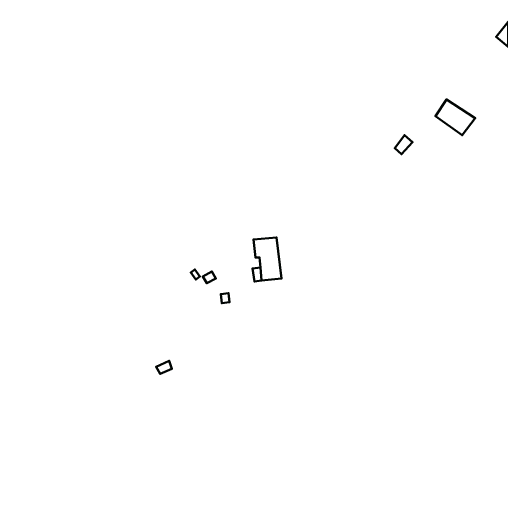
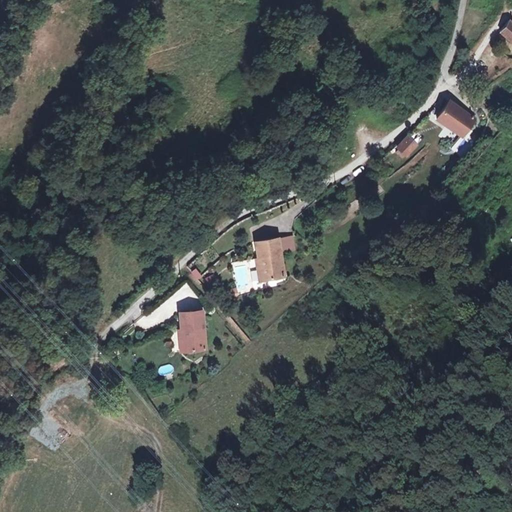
building: none -> [181,310,206,350]

